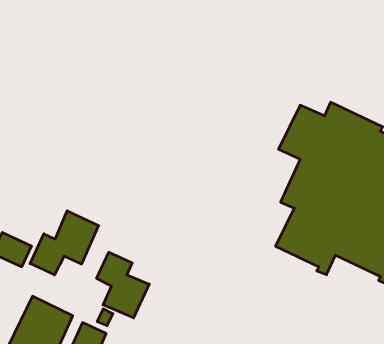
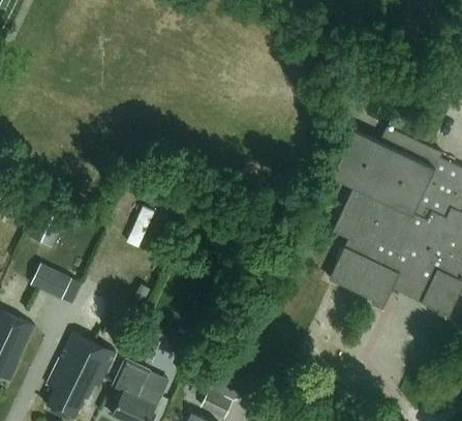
building: [30,211,99,275] -> none
building: [97,252,149,318] -> none

